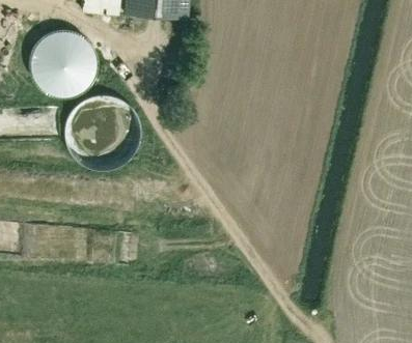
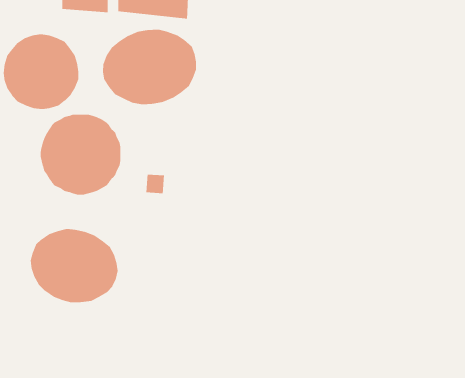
building: none -> [102,29,197,105]
building: none -> [30,228,118,303]

